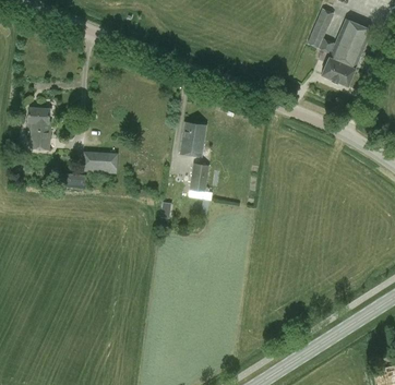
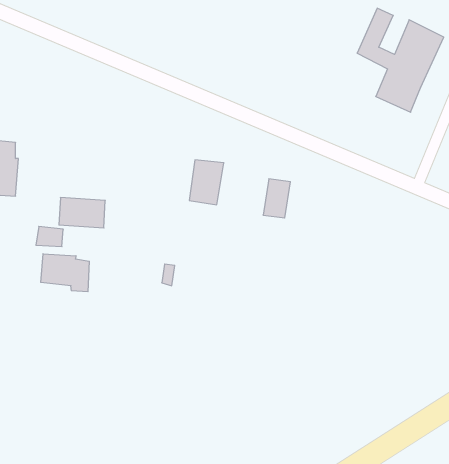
building: [189,161,210,191] -> [263,179,290,218]
building: none -> [41,254,89,292]

